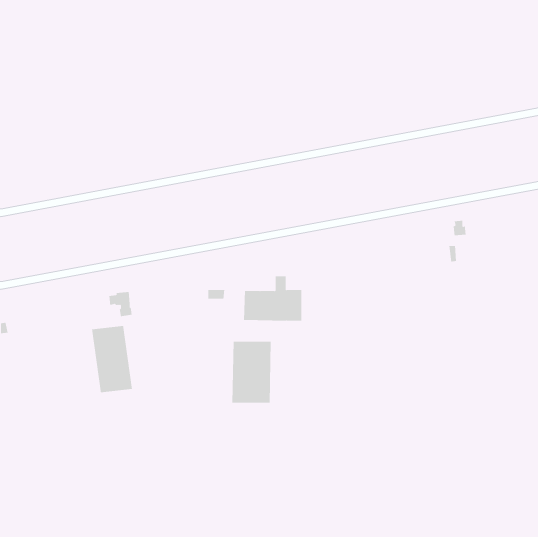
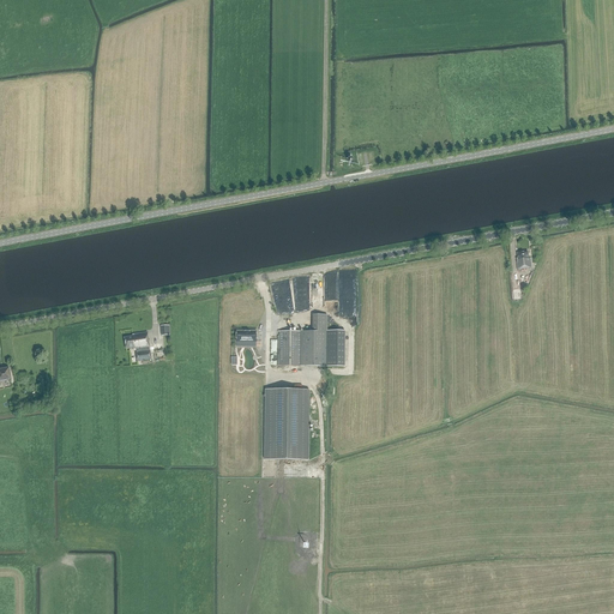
building: [92,325,132,393] -> none

